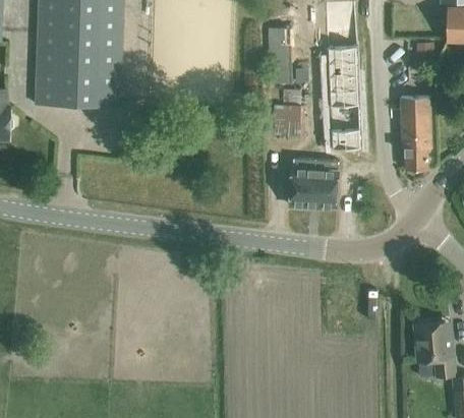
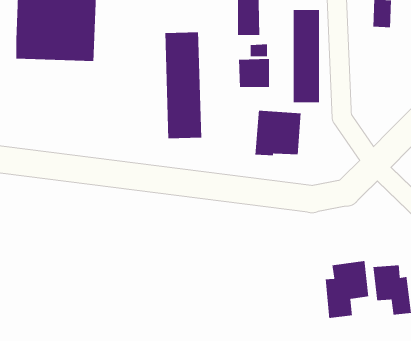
building: none -> [164,31,202,139]
building: [400,98,430,171] -> none
building: none -> [325,260,369,319]

